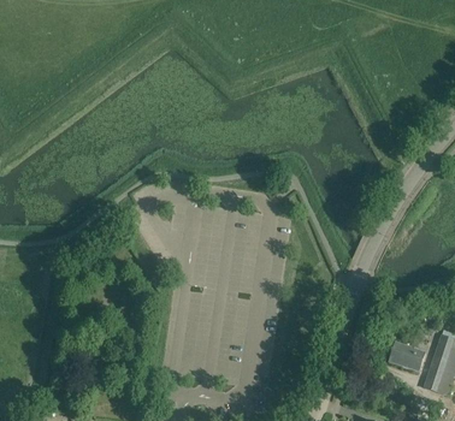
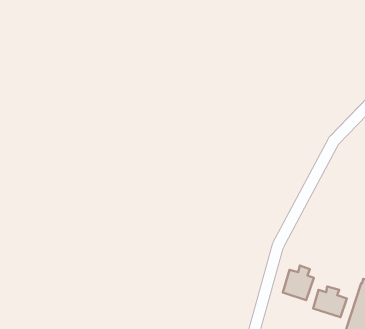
building: none -> [283,265,314,300]

